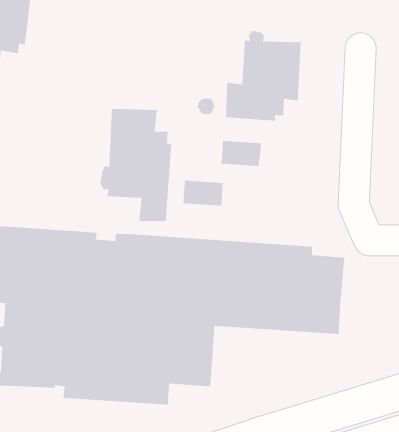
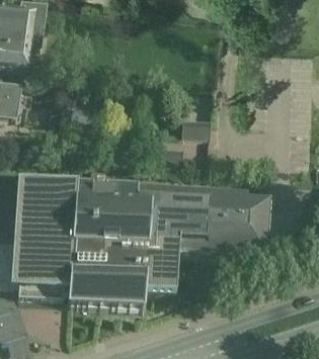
building: [225,30,301,122] -> none
building: [100,108,172,222] -> none

